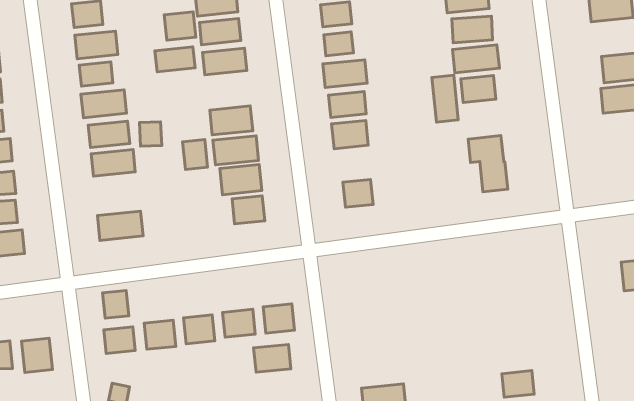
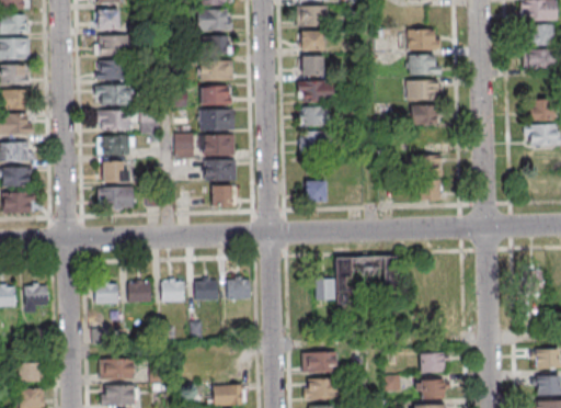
building: [164,12,196,40] -> none
building: [155,47,195,72] -> [199,87,231,104]
building: [432,75,458,122] -> none
building: none -> [100,161,127,182]
building: none -> [314,259,397,301]
building: [102,290,129,318] -> none
building: [253,344,291,372] -> none

